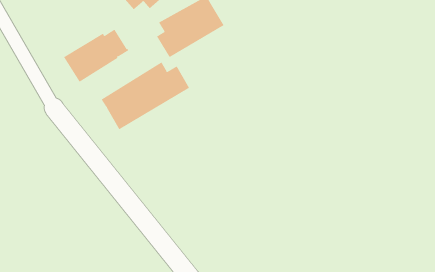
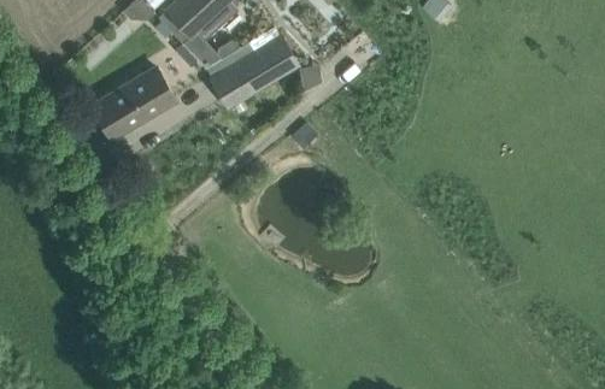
building: [101,61,190,130] -> none

